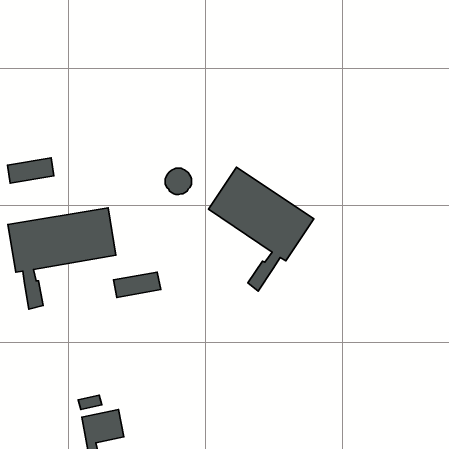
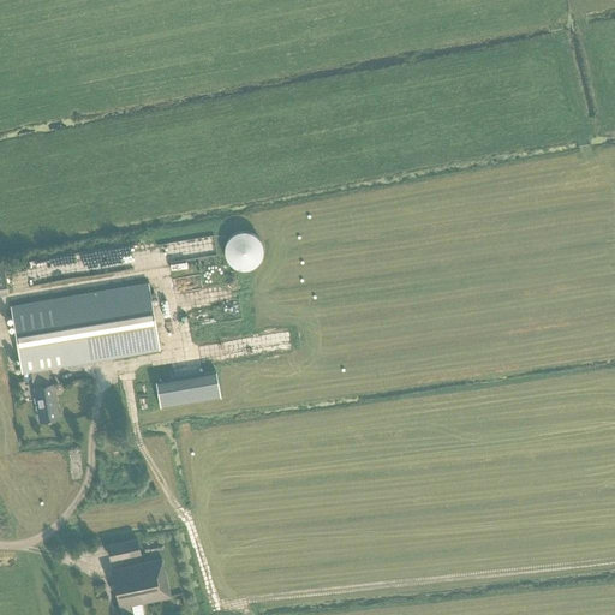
building: [8,158,54,183] -> none
building: [208,167,314,291] -> none

